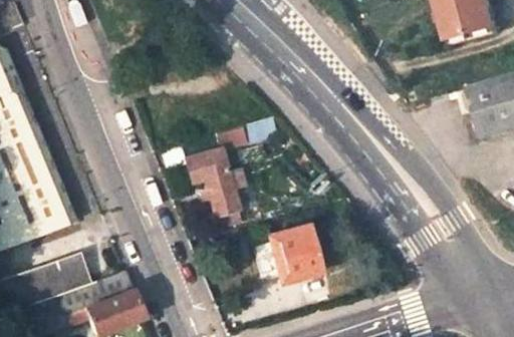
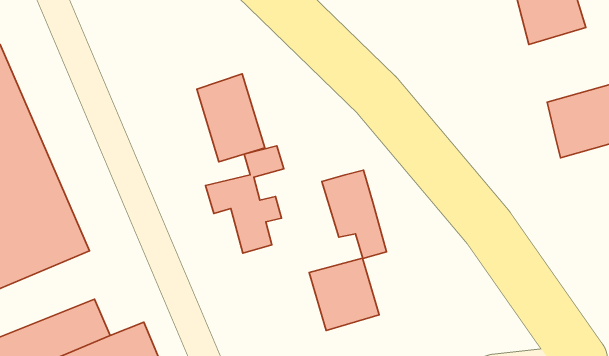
building: none -> [197,74,265,162]
building: none -> [322,170,386,259]

